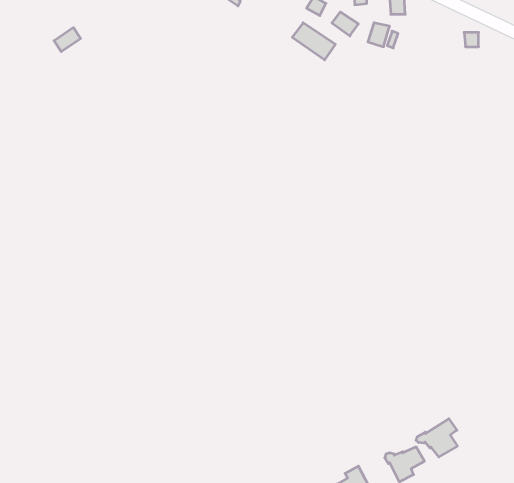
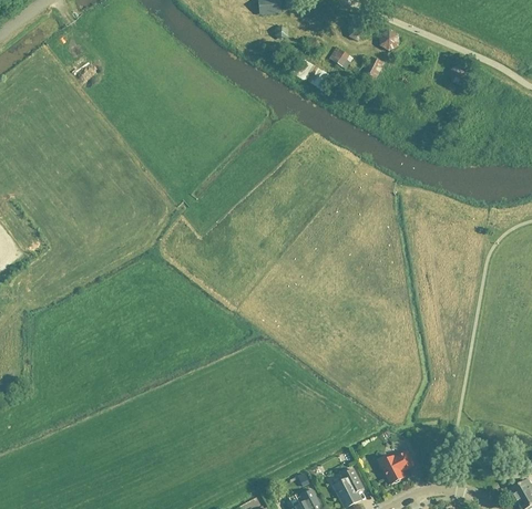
building: [416,419,457,457] -> none

